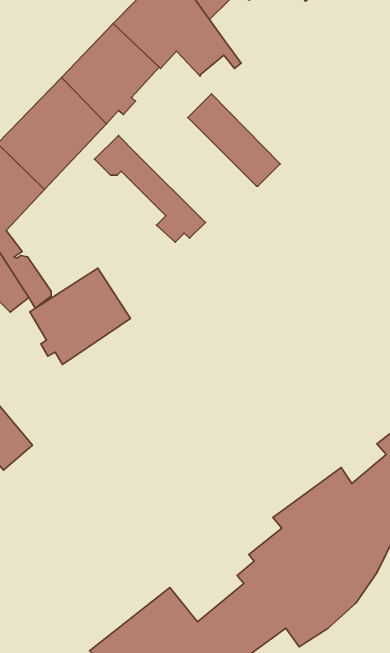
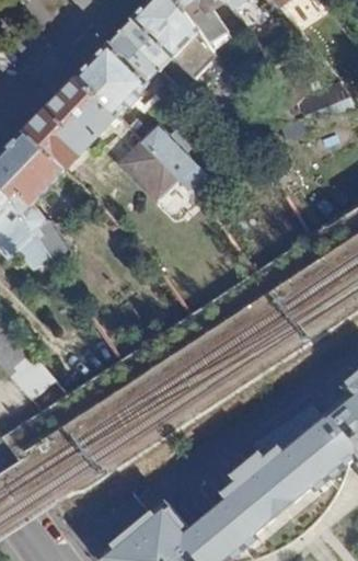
building: [188,94,280,186] -> [138,122,215,198]
building: [30,268,130,365] -> none

